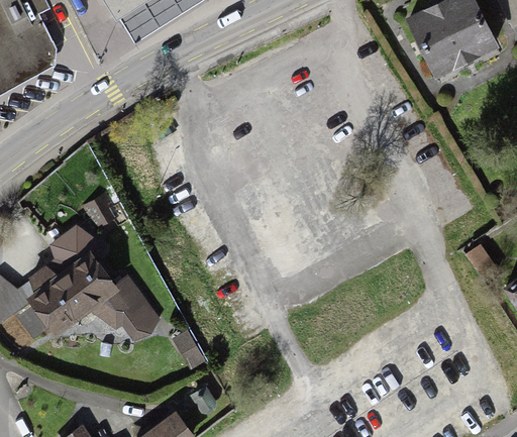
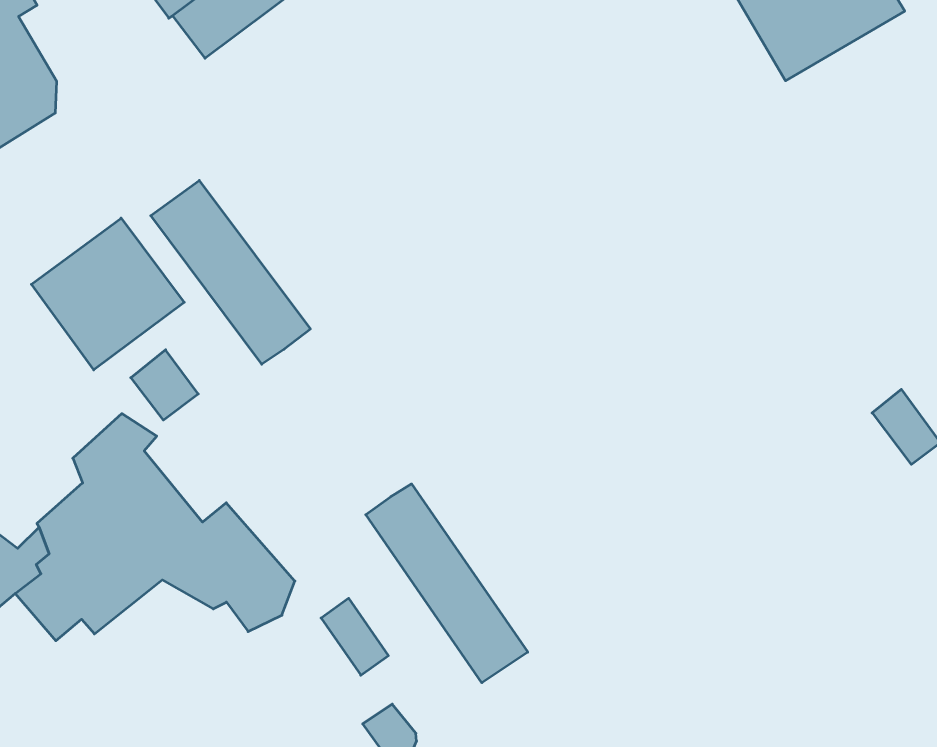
building: none -> [151,180,310,364]
building: none -> [31,218,184,370]
building: none -> [366,484,528,683]

